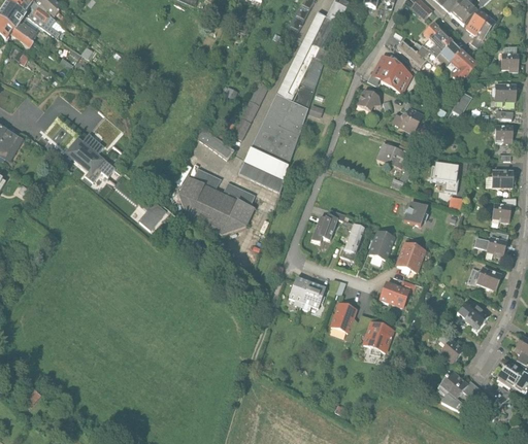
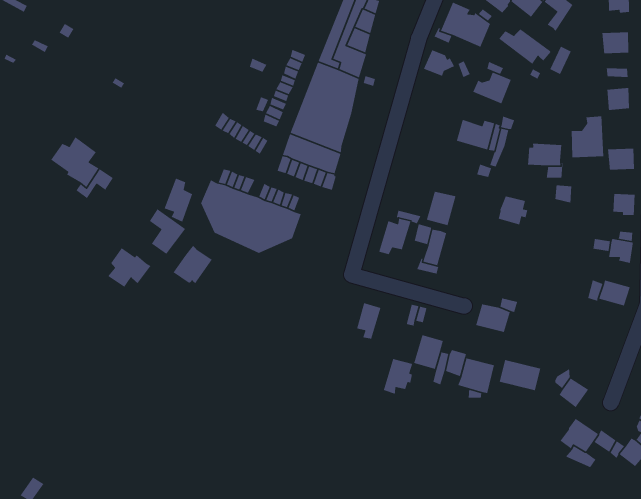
building: none -> [498,28,552,65]
building: none -> [571,115,604,158]
building: none -> [164,178,193,222]
building: none -> [107,247,152,288]
building: none -> [172,245,213,284]
building: [369,232,394,260] -> [426,191,456,226]
building: [397,244,424,273] -> none
building: [301,280,326,308] -> [383,358,413,395]
building: [456,305,488,334] -> none
building: none -> [499,359,541,391]

